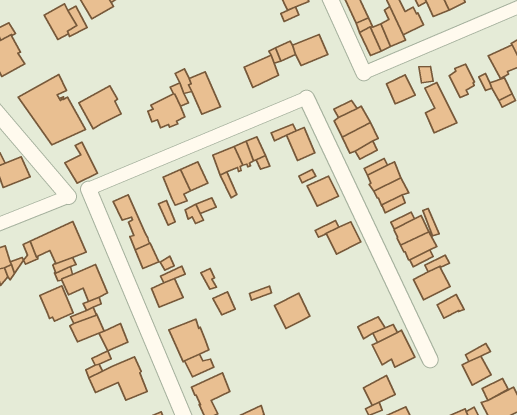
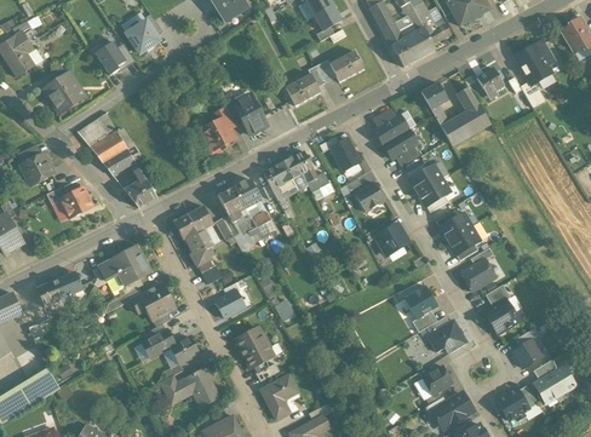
building: [79,86,121,129] -> none
building: none -> [430,105,469,144]
building: none -> [187,205,213,249]
building: [40,286,73,321] -> none
building: [275,293,310,328] -> [403,284,437,318]
building: none -> [483,298,518,333]

